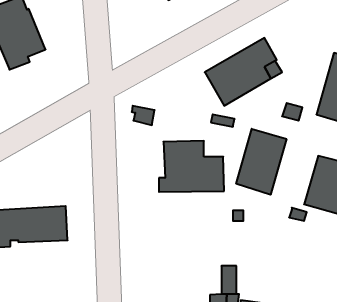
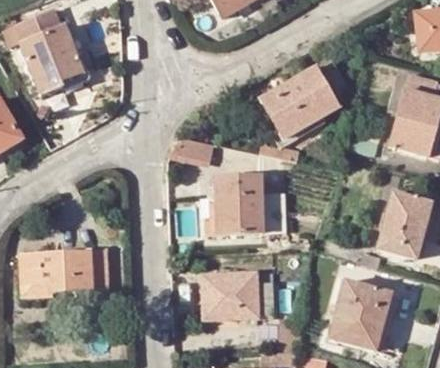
building: [236,129,286,195] -> none
building: none -> [202,272,274,319]
building: none -> [330,280,392,351]

